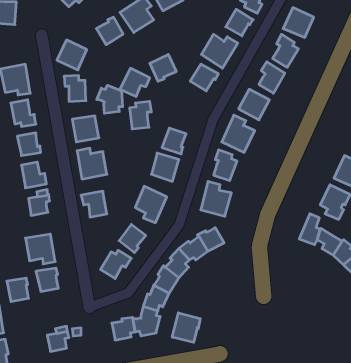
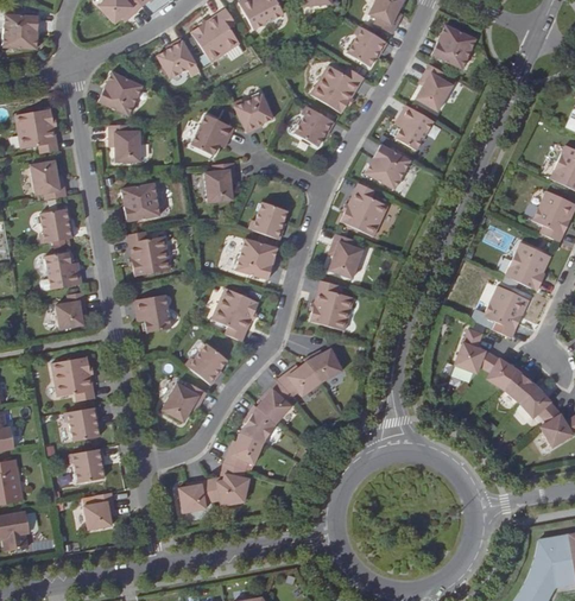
building: [97,85,123,113] -> none
building: [7,278,29,302] -> [72,448,105,482]
building: [172,313,200,342] -> none

